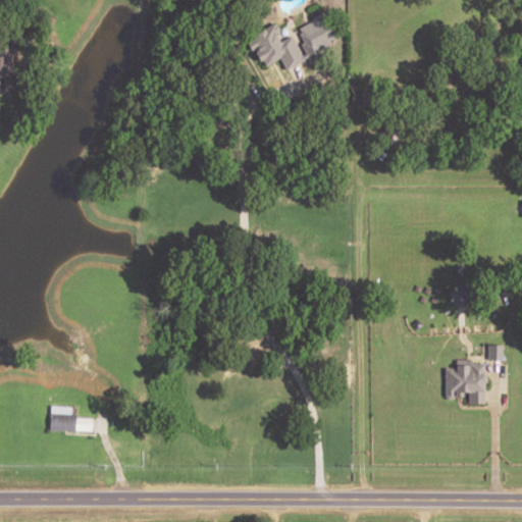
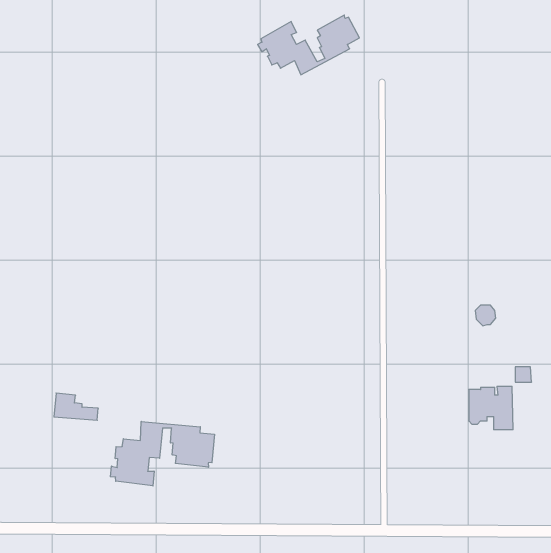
building: none -> [110,421,214,486]
building: [50,406,92,431] -> [54,393,98,420]

